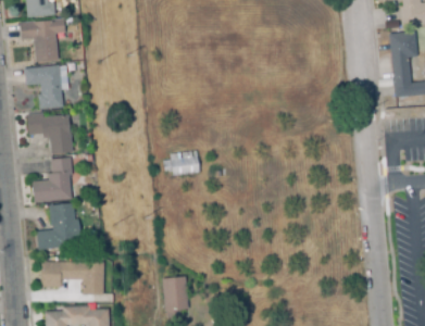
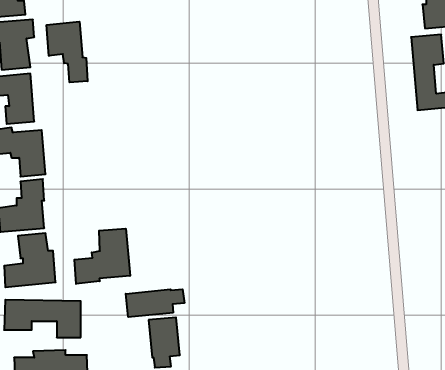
building: none -> [47,22,88,82]
building: [163,151,200,175] -> none
building: none -> [74,229,130,284]
building: none -> [126,289,184,317]

